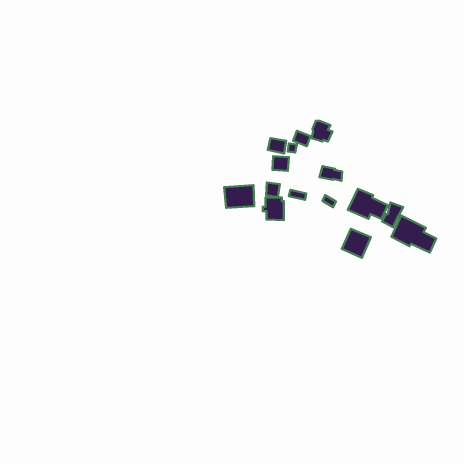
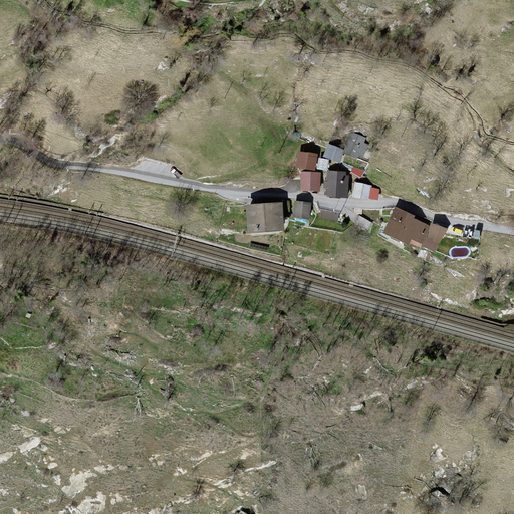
building: [263,198,284,220] -> [324,172,347,197]
building: [392,215,436,253] -> none
building: [342,229,371,258] -> none

